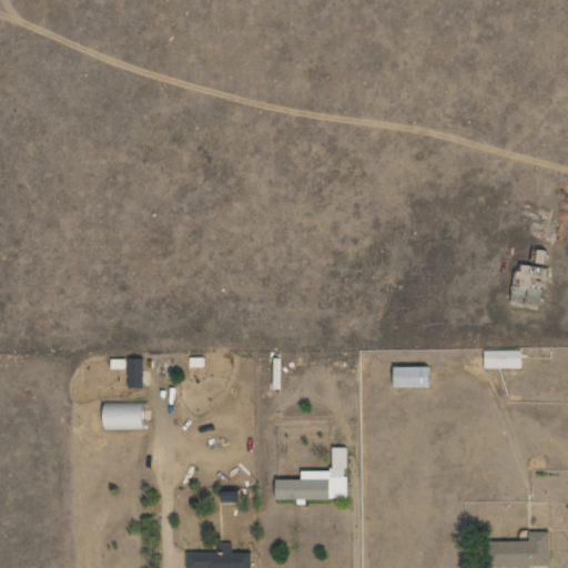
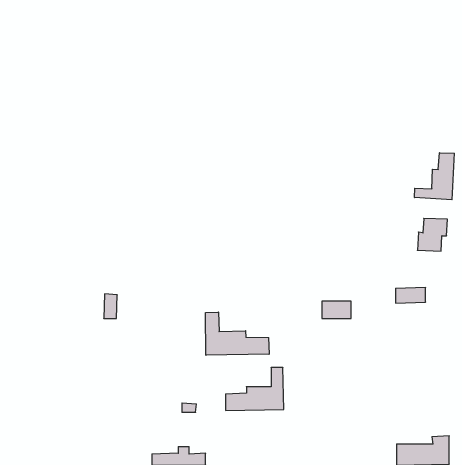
building: none -> [415,153,454,200]
building: none -> [206,312,269,355]
building: [104,405,143,430] -> none

